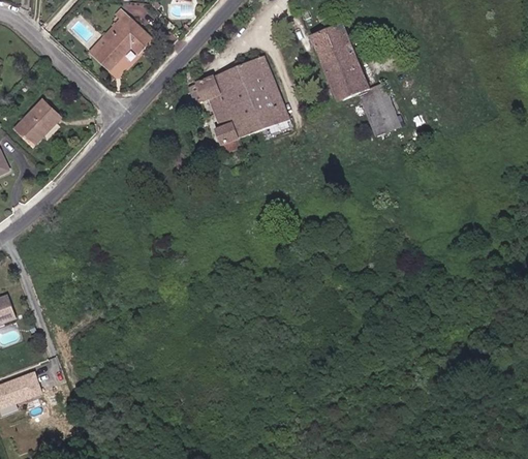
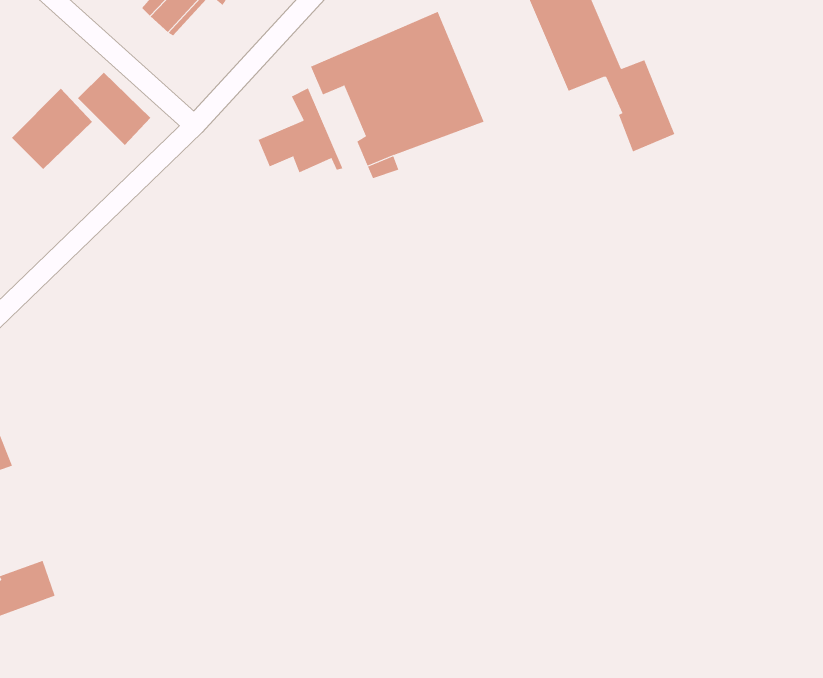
building: none -> [77,72,151,146]
building: none -> [258,88,343,173]

